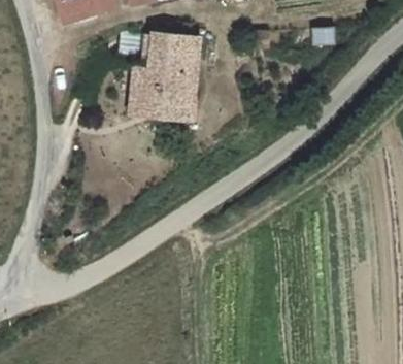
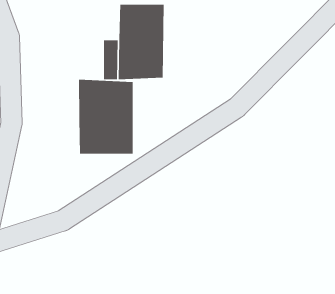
building: none -> [78,79,134,155]

